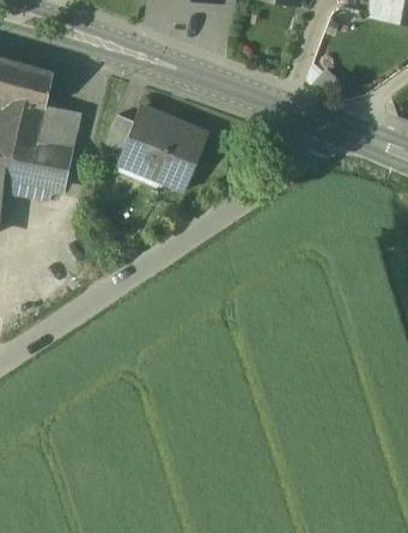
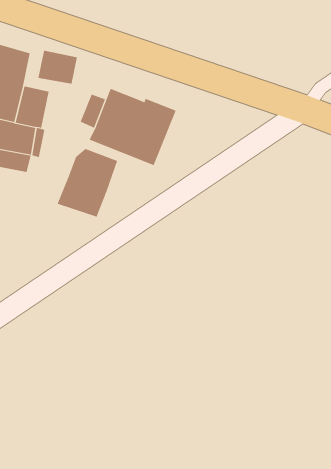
building: none -> [38,50,77,84]
building: none -> [57,148,118,217]

